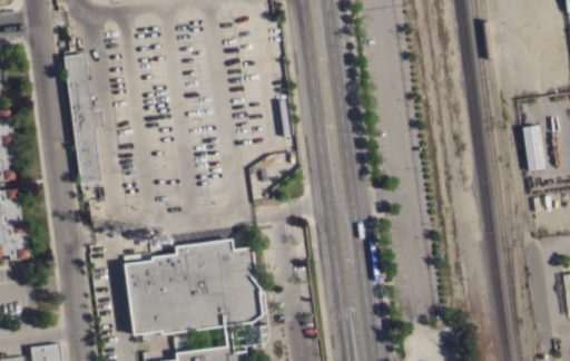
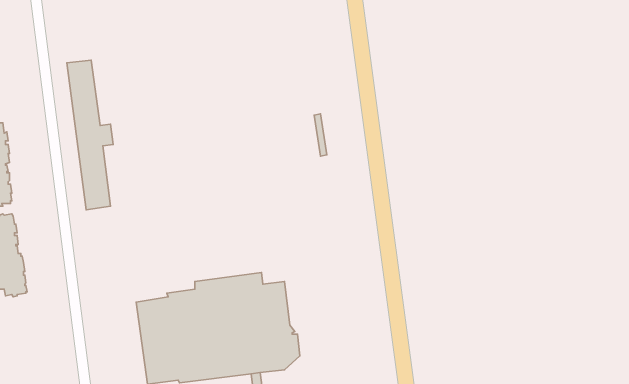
building: [522,125,544,170] -> none

